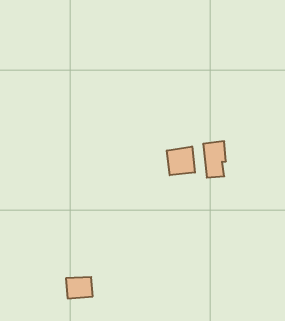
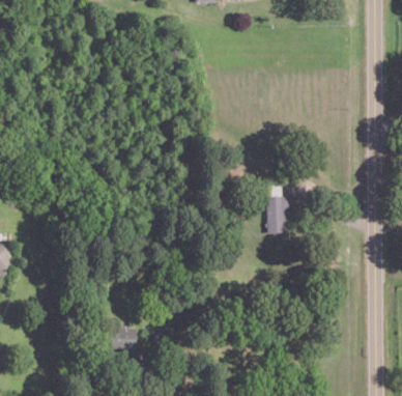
building: [167,146,195,175] -> none

